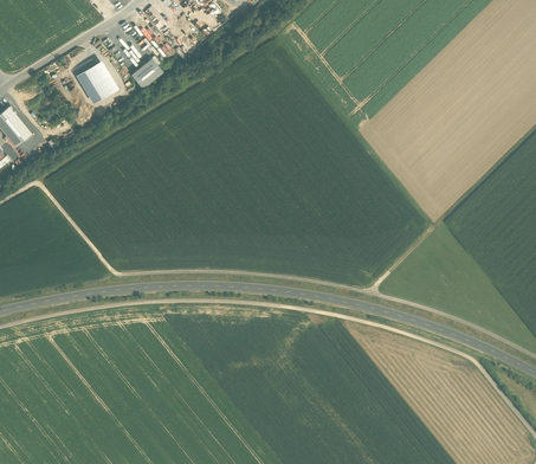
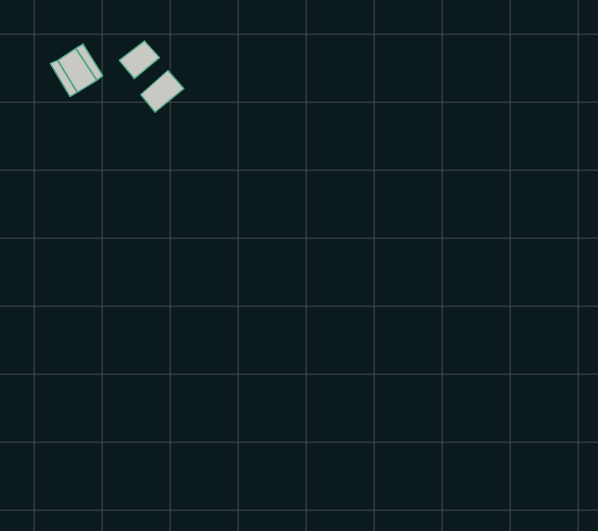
building: none -> [141,71,184,112]

